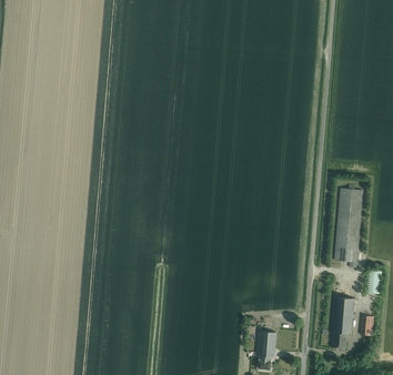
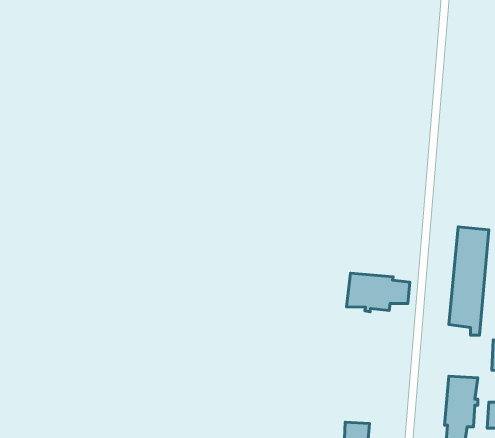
building: none -> [347,273,410,312]

